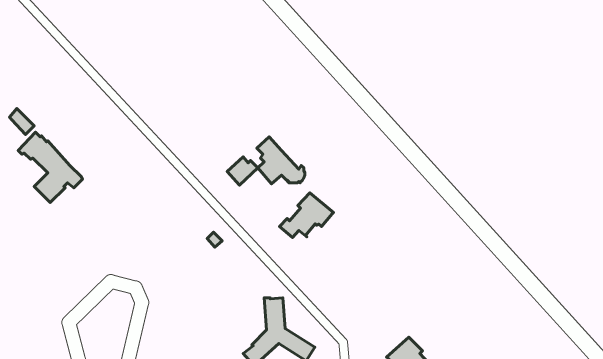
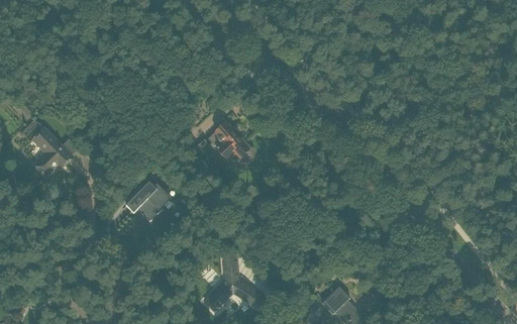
building: [279,193,333,238] -> none
building: none -> [126,183,169,222]

